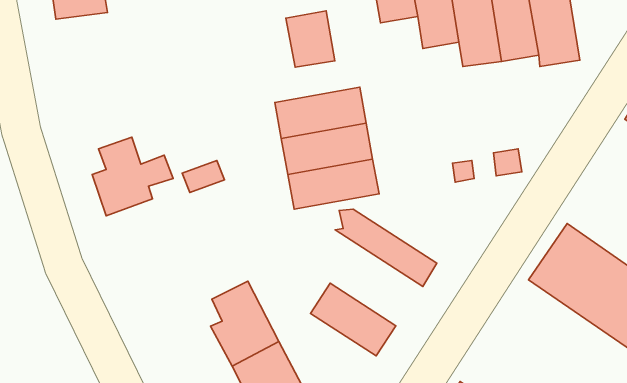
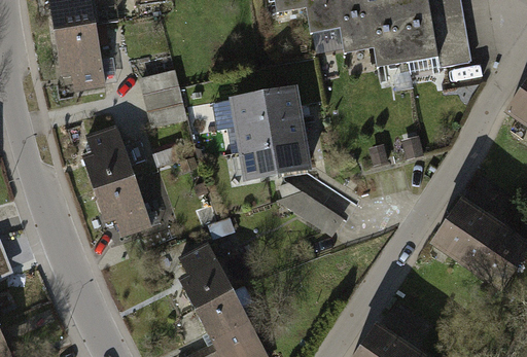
building: [286,11,335,67] -> none
building: none -> [52,26,102,92]
building: none -> [139,70,186,129]
building: none -> [93,175,148,236]
building: [310,283,396,356] -> none

